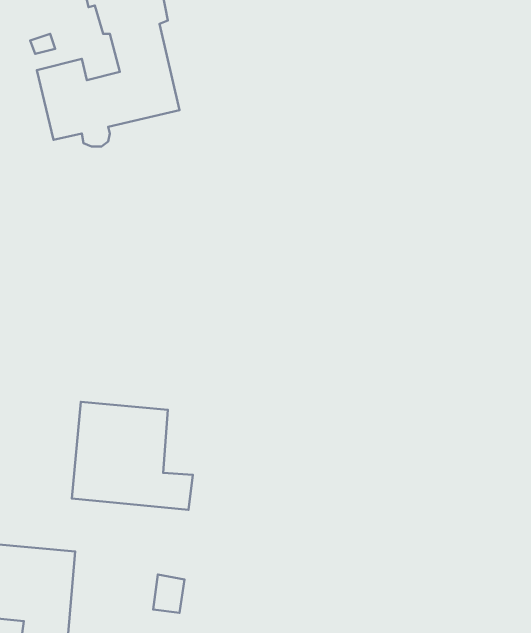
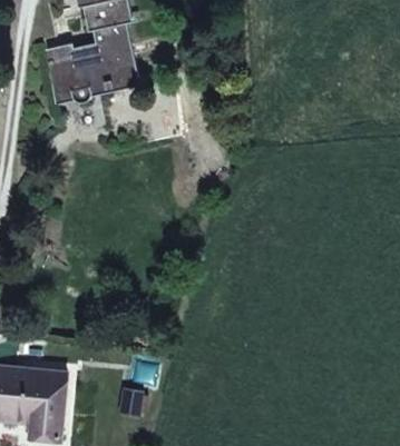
building: [72,402,193,510] -> none

